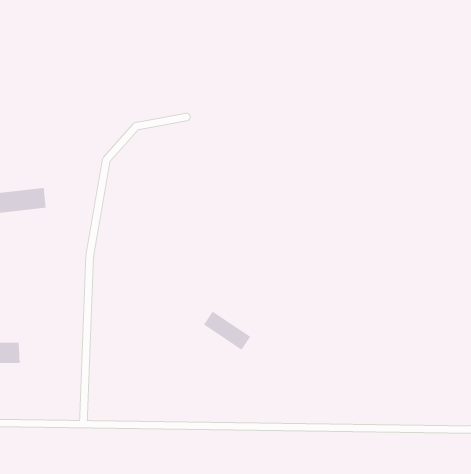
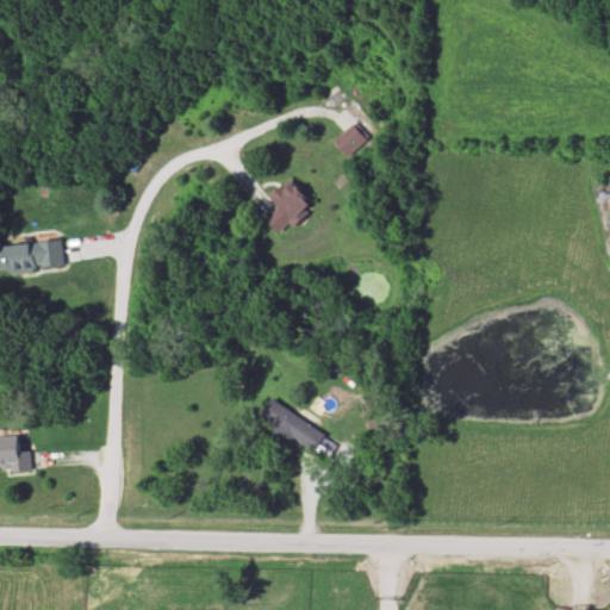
building: none -> [330,120,369,160]
building: none -> [260,182,312,231]

